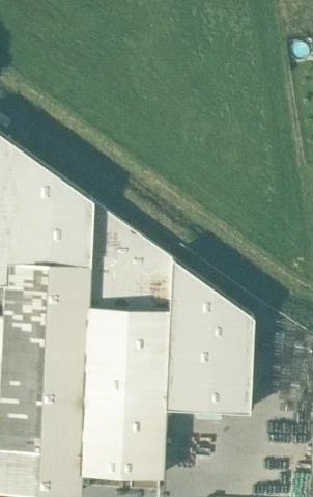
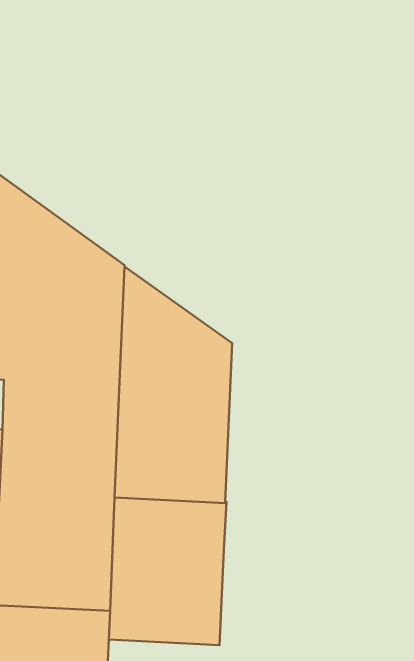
building: [166,259,254,415] -> none

